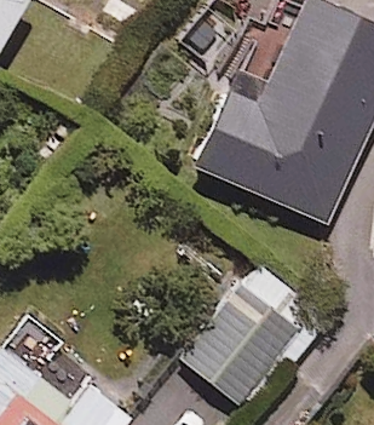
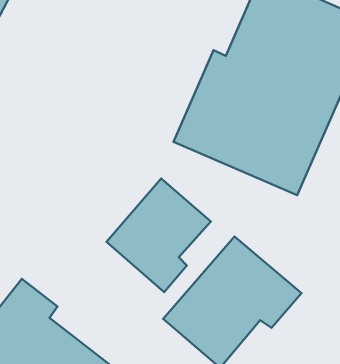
building: none -> [107,179,211,292]

